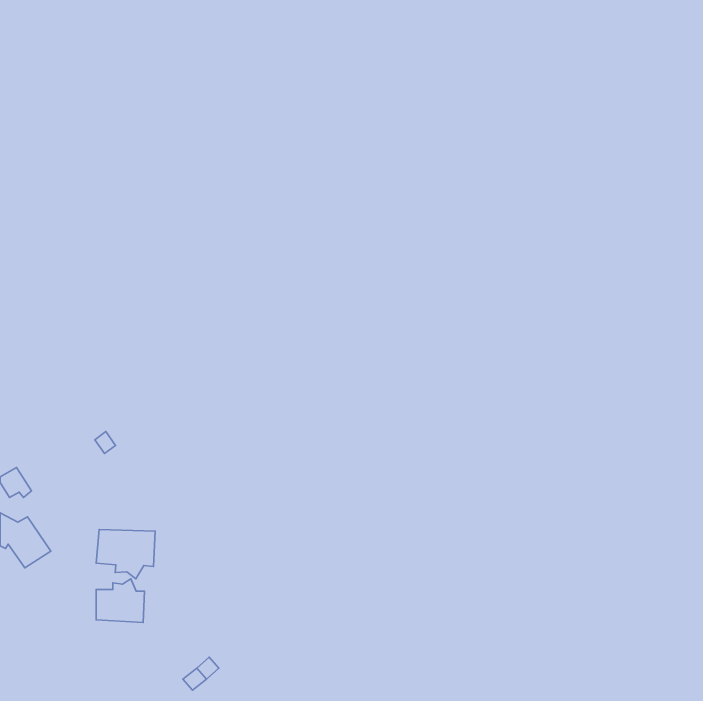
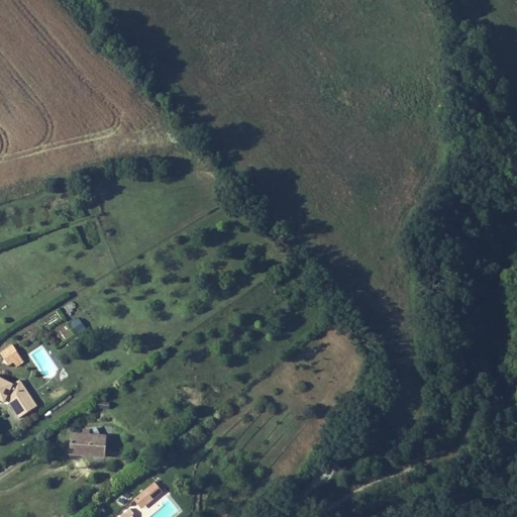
building: [96,530,155,579] -> none

